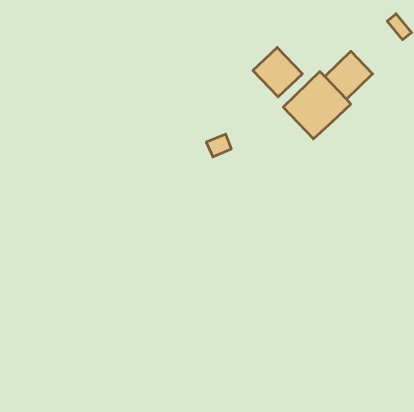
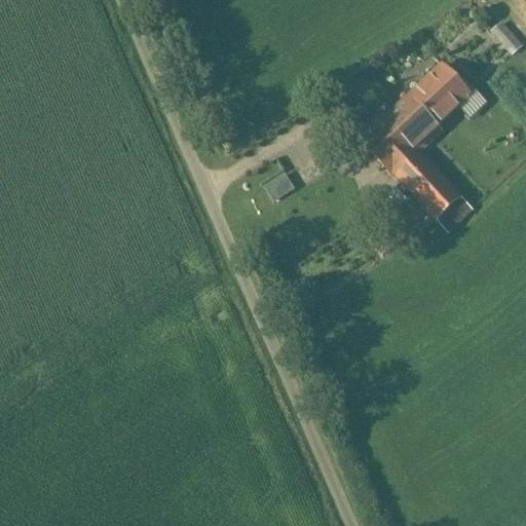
building: [253,47,302,97] -> none
building: none -> [398,153,473,230]

